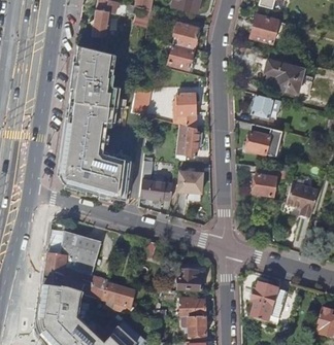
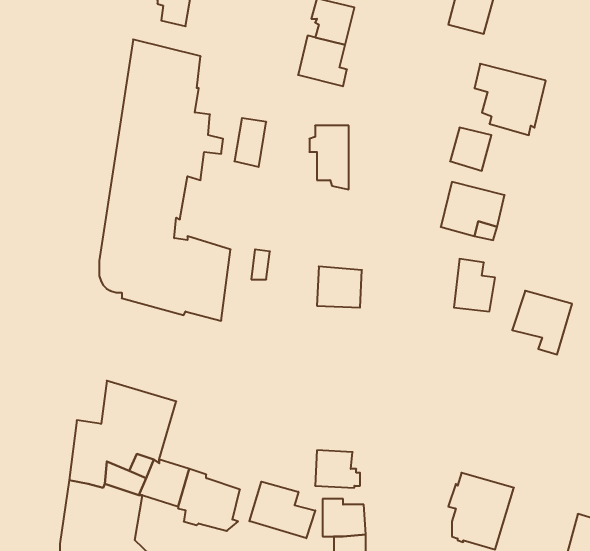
building: [176,124,199,156] -> none
building: [140,180,173,200] -> none
building: none -> [249,482,315,538]

